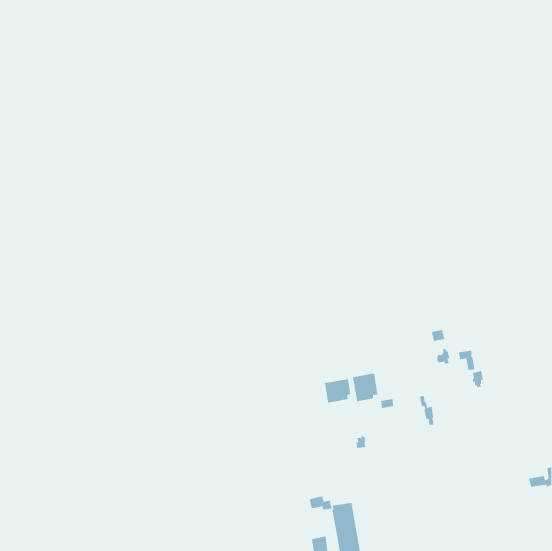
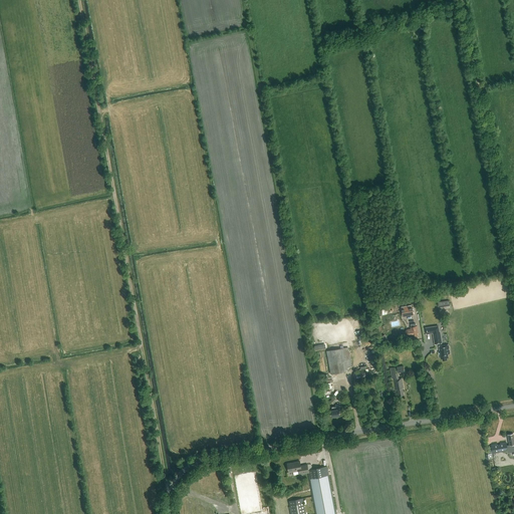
building: [325,378,351,403] -> none

